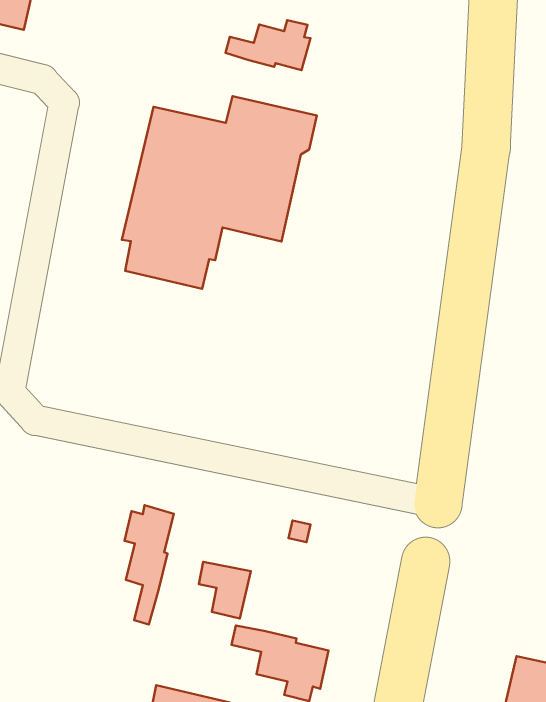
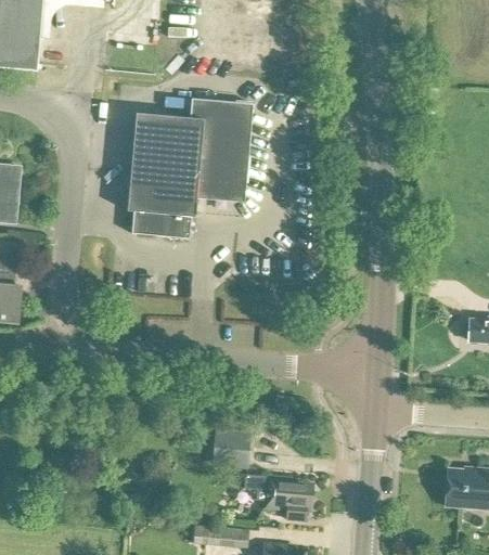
building: [225,20,311,70] -> none
building: [125,505,174,624] -> none

